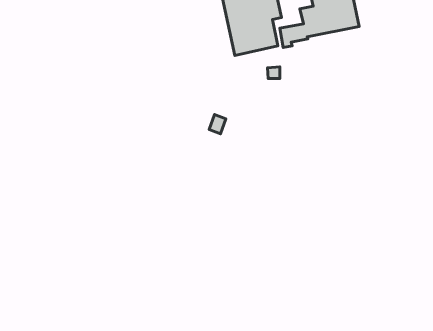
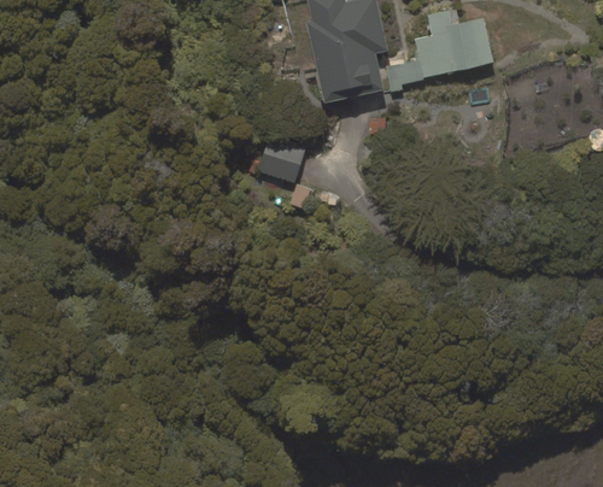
building: none -> [256,136,305,182]

